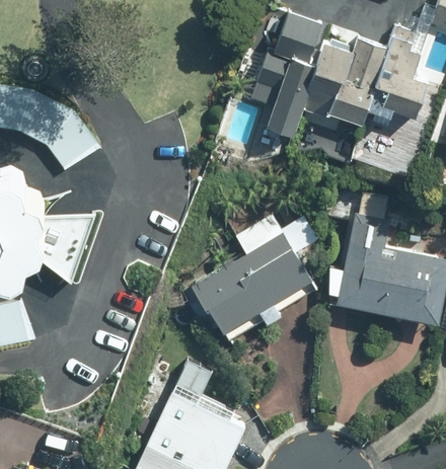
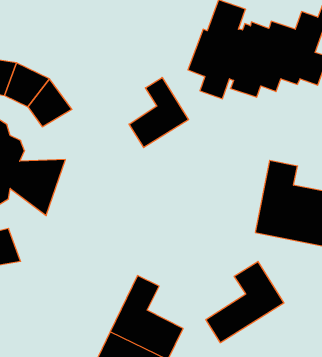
building: none -> [129,77,189,148]
building: [190,214,317,342] -> none
building: none -> [206,261,284,343]

